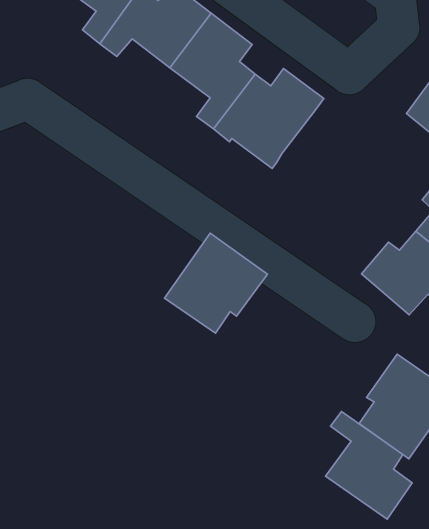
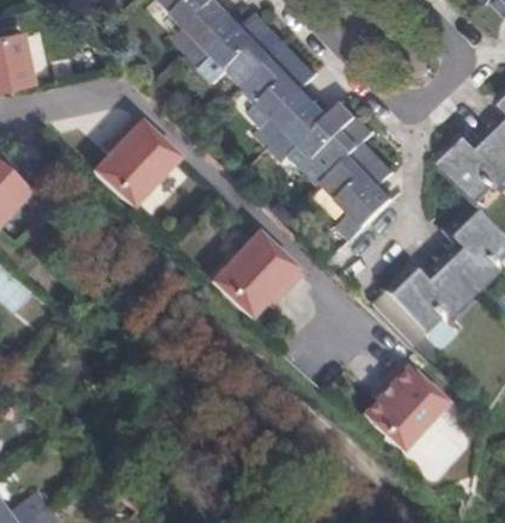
building: none -> [325,140,397,242]
building: none -> [95,116,182,208]
building: [326,411,412,519] -> none

